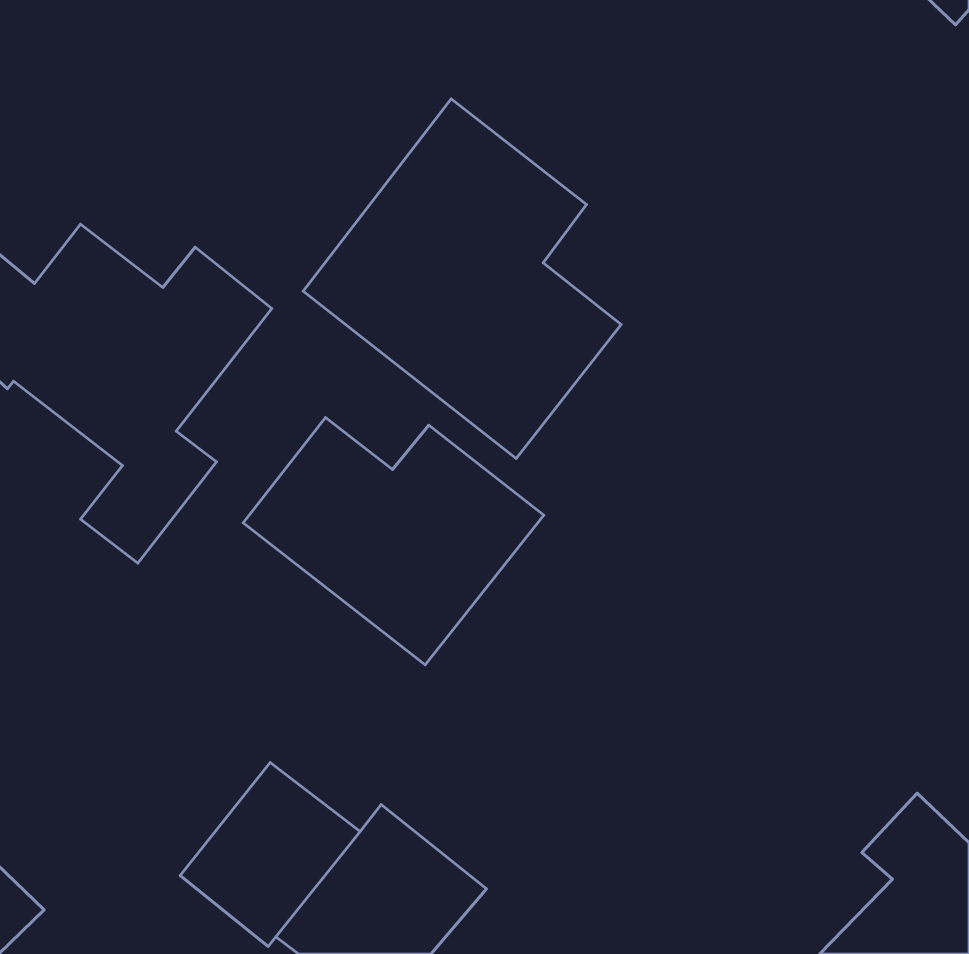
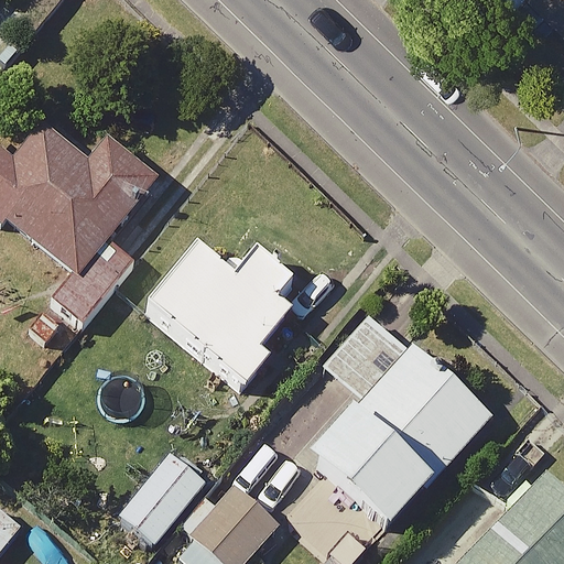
building: [303,99,621,459] -> none
building: none -> [311,312,495,538]

